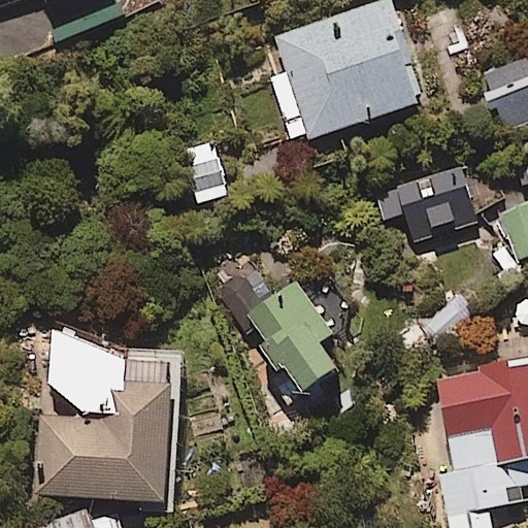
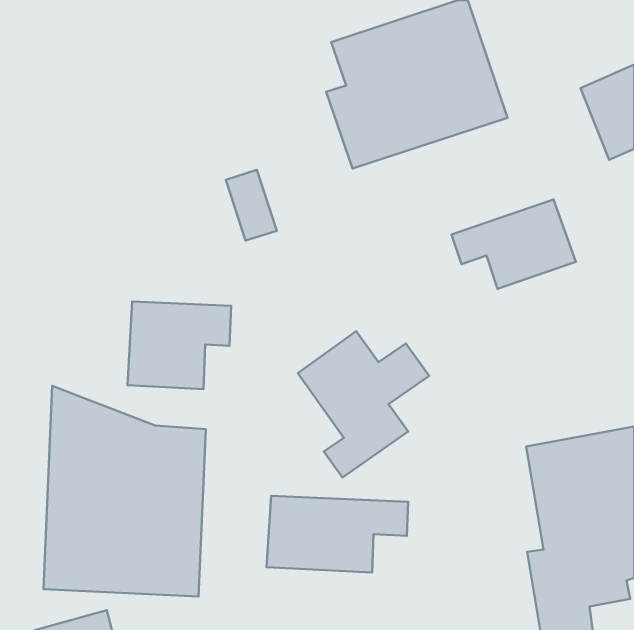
building: none -> [127,301,231,389]
building: none -> [267,496,408,572]

